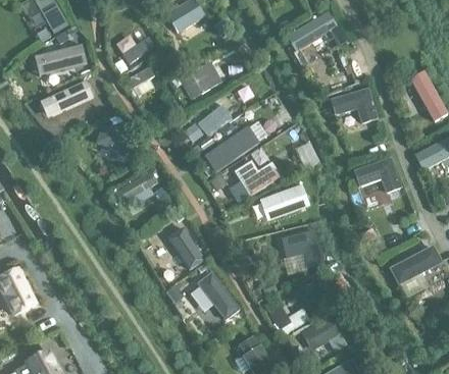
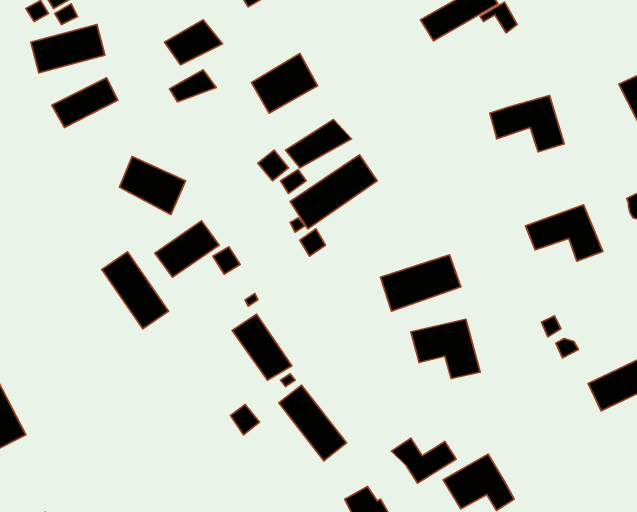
building: [233,160,280,195] -> none
building: none -> [102,252,168,329]

